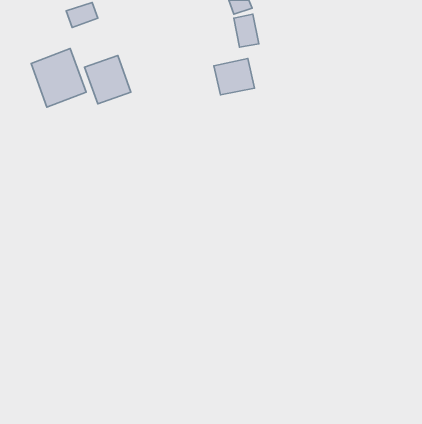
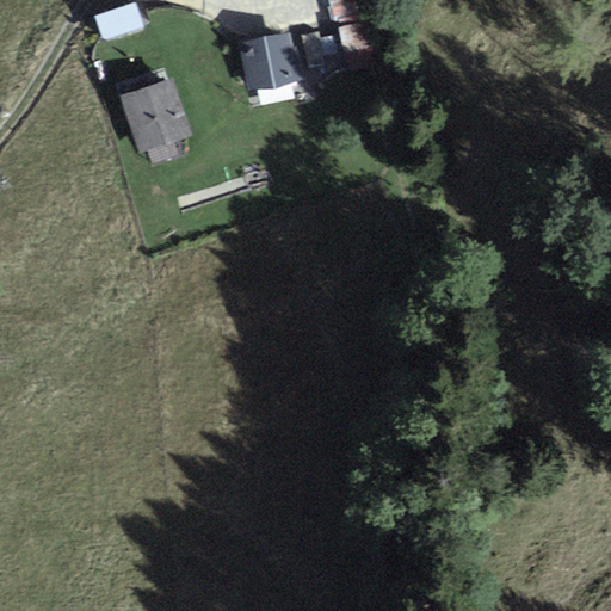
building: [31,49,86,107] -> none
building: [214,58,255,95] -> [239,35,297,87]

